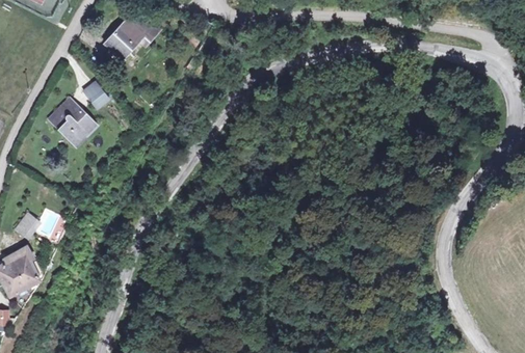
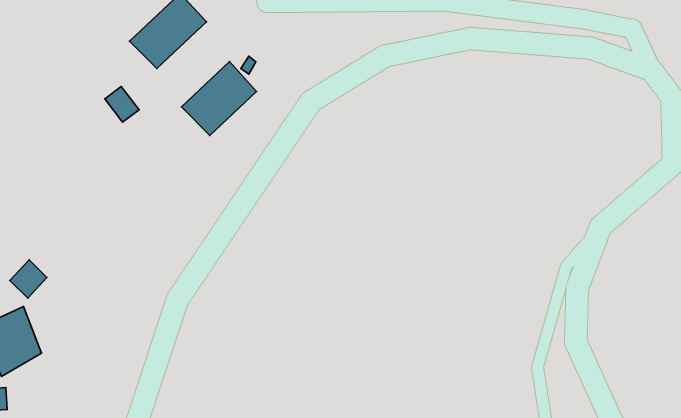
building: none -> [182,61,256,136]
building: [49,98,97,146] -> none

